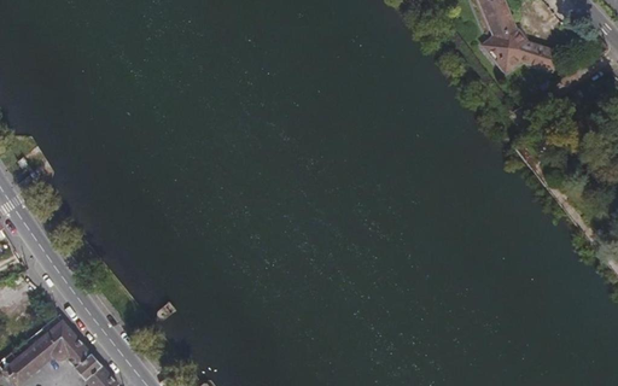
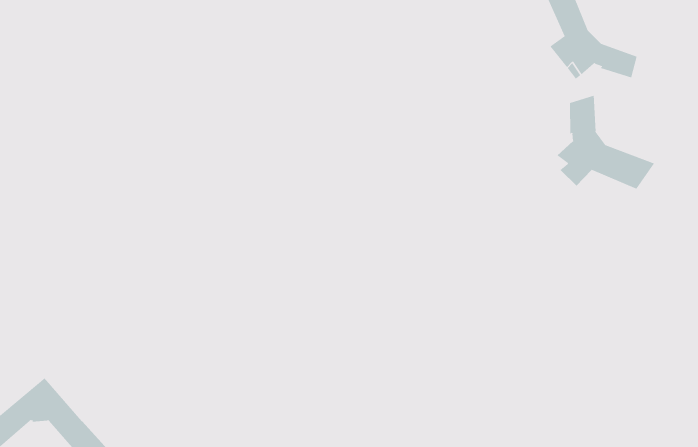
building: none -> [556,95,655,190]

